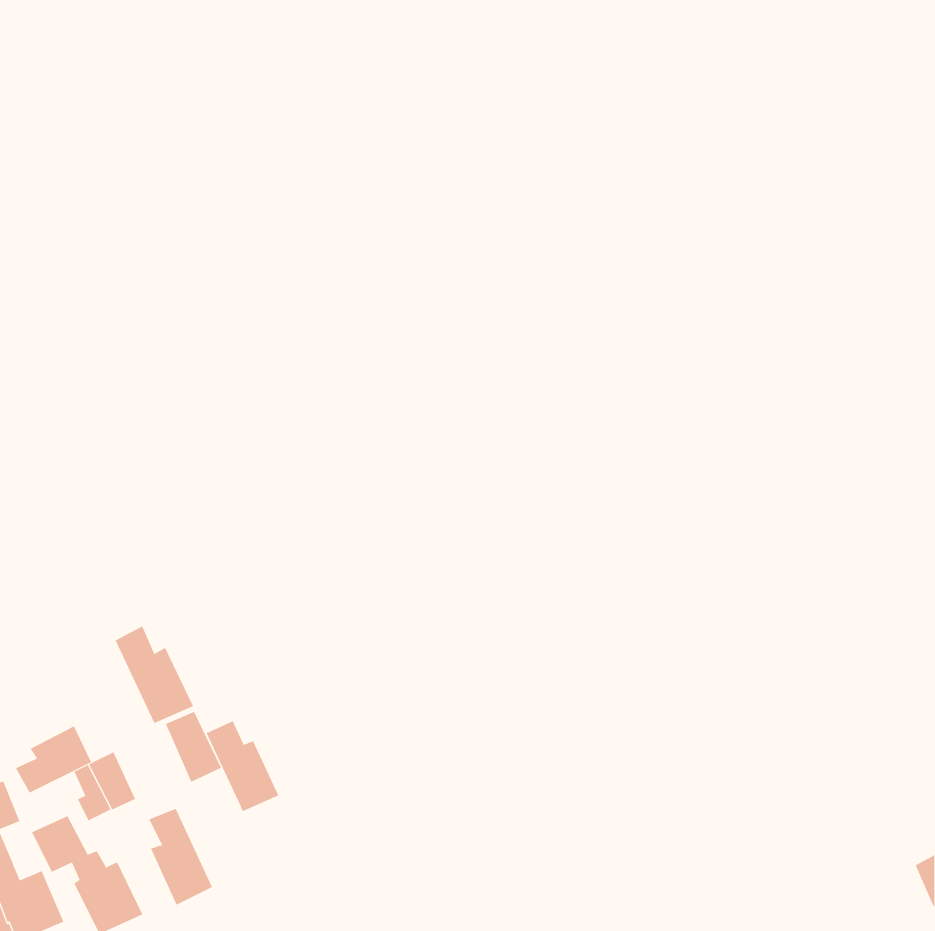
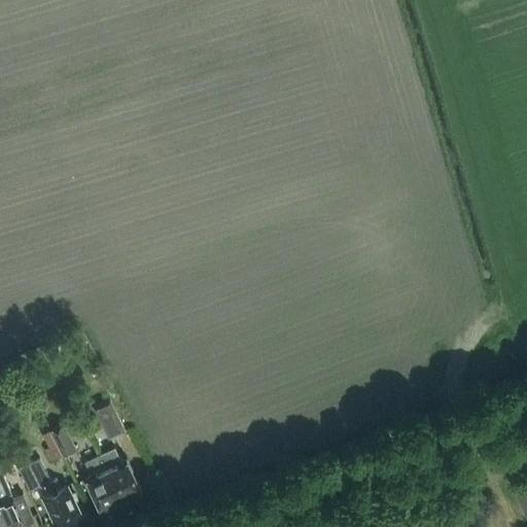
building: [115,625,194,724] -> none
building: [206,720,279,812] -> [99,450,140,501]
building: [15,725,92,793] -> none

